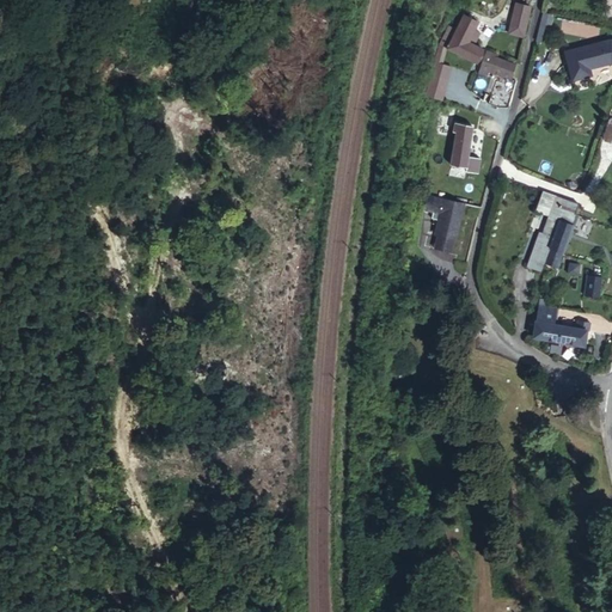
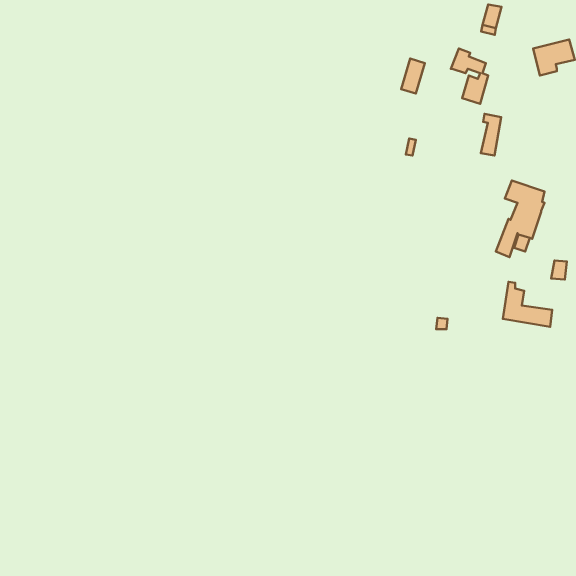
building: [440,16,483,62] -> none
building: [451,123,472,167] -> [481,114,501,156]
building: [426,195,464,243] -> none

